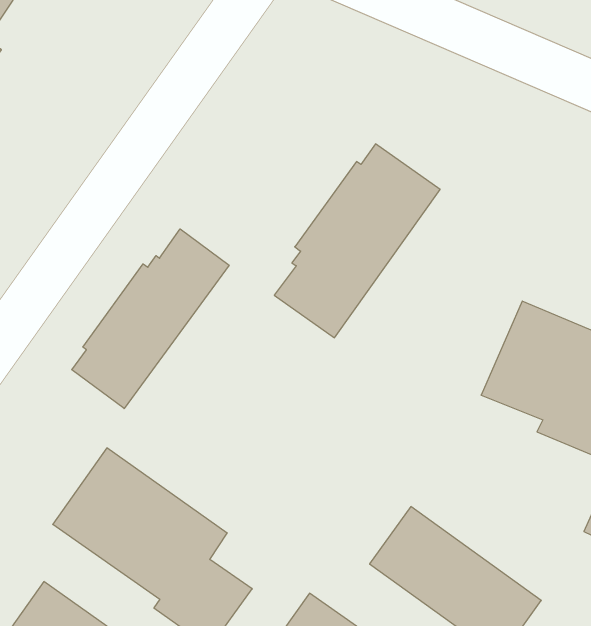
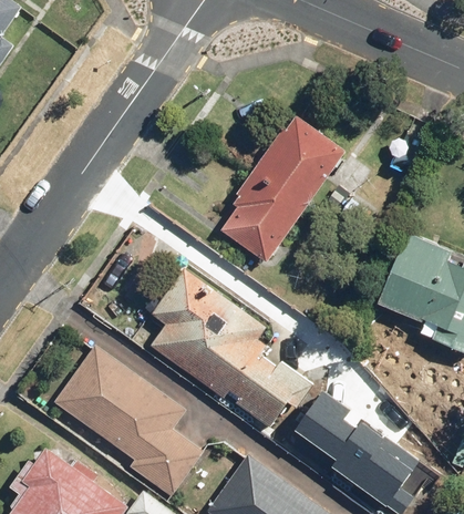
building: [72,229,229,409] -> none
building: none -> [152,268,313,426]

